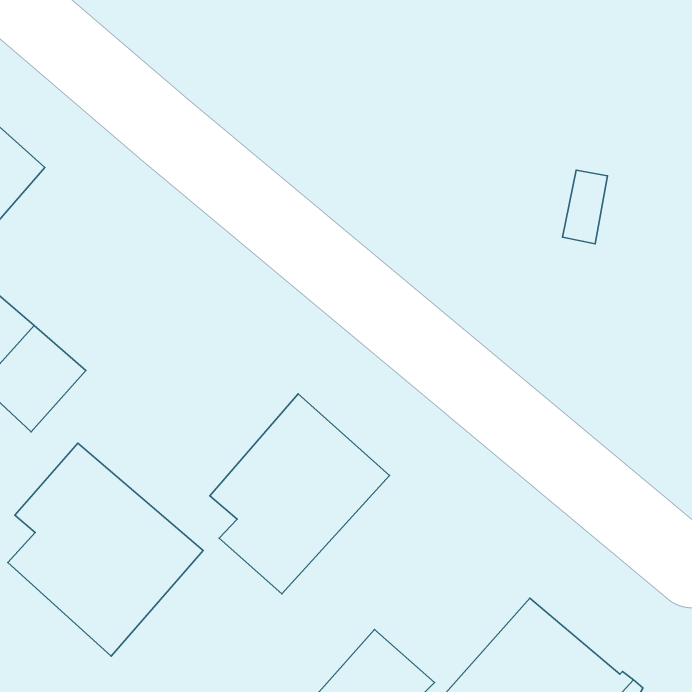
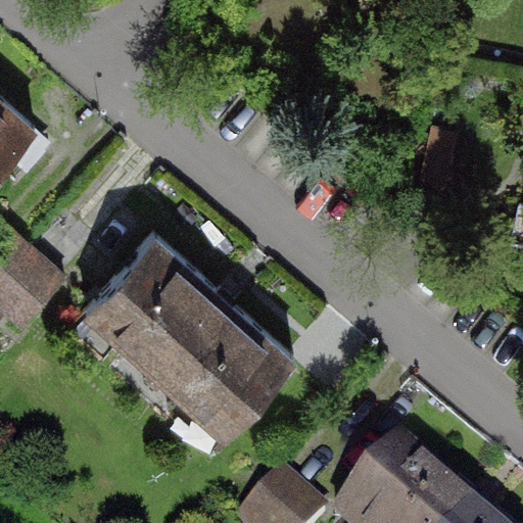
building: none -> [86,236,224,375]
building: [8,443,203,656] -> none

